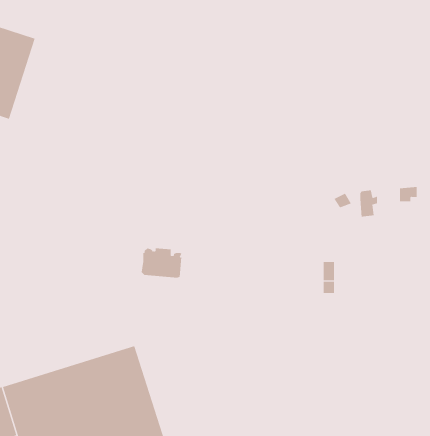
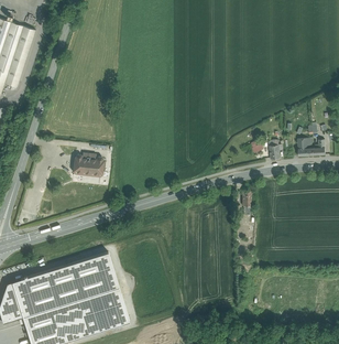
building: [141,248,182,278] -> [73,154,102,176]

